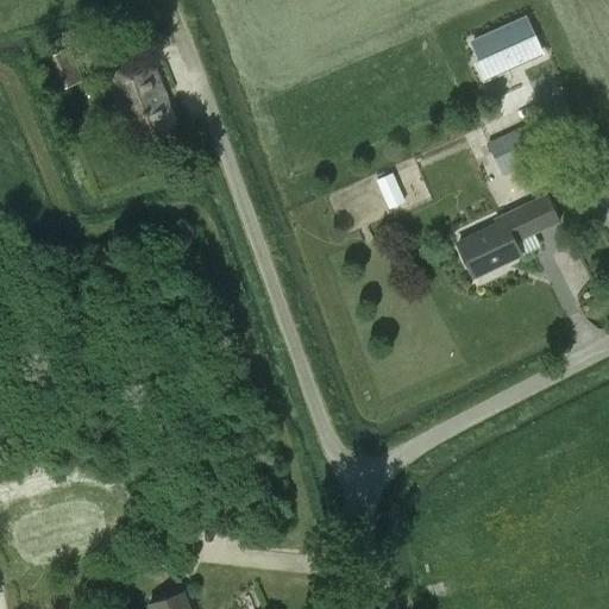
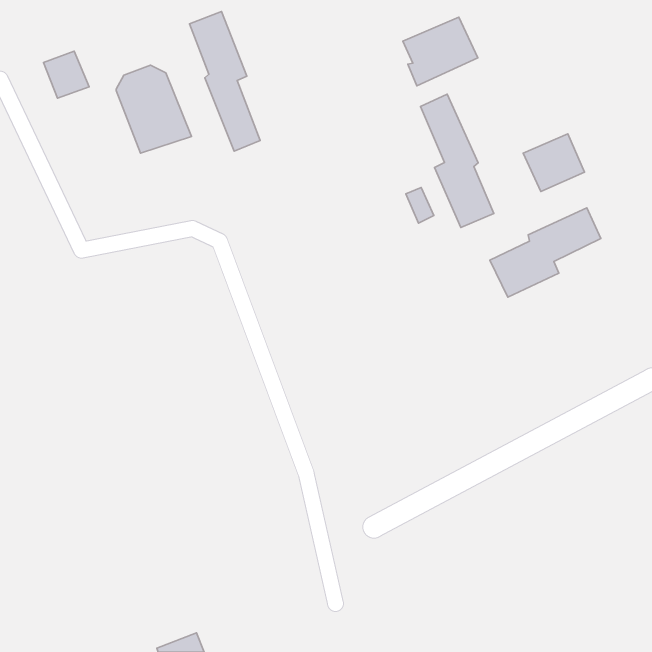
building: none -> [190,12,260,151]
building: [471,18,541,82] -> [403,17,478,86]
building: none -> [421,94,494,228]

